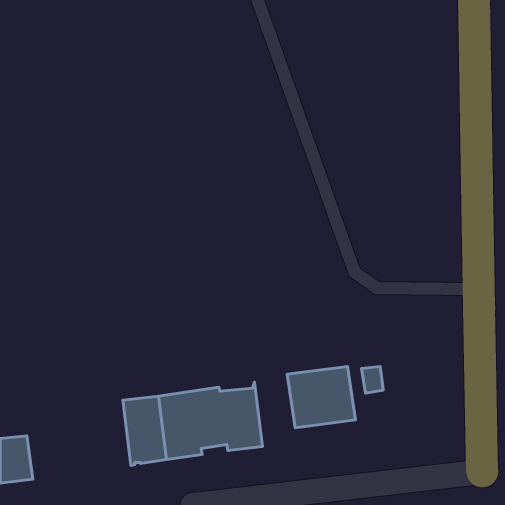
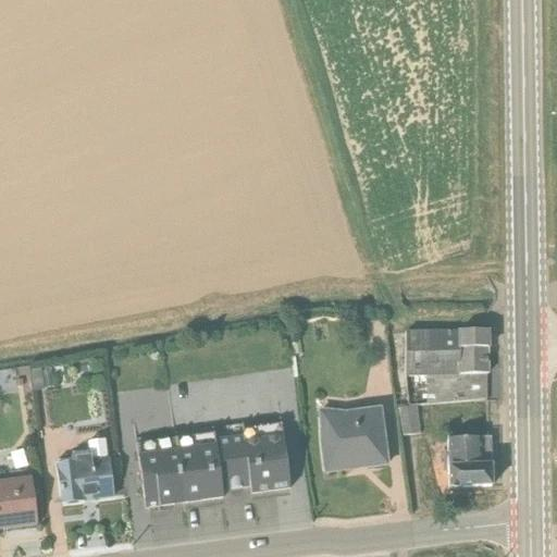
building: none -> [408,327,490,399]
building: none -> [450,434,494,484]
building: none -> [54,442,113,506]

